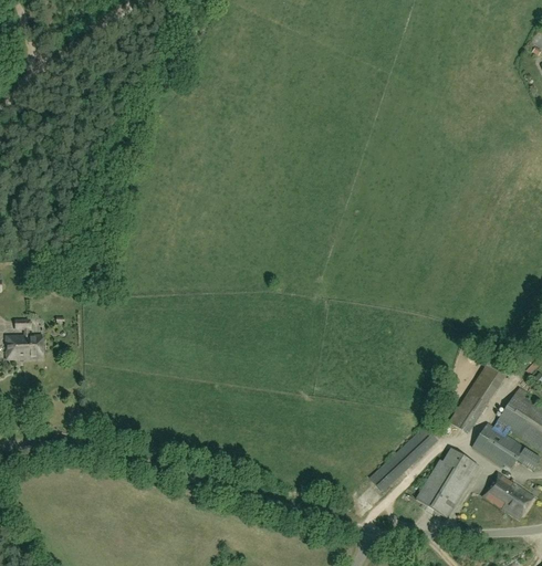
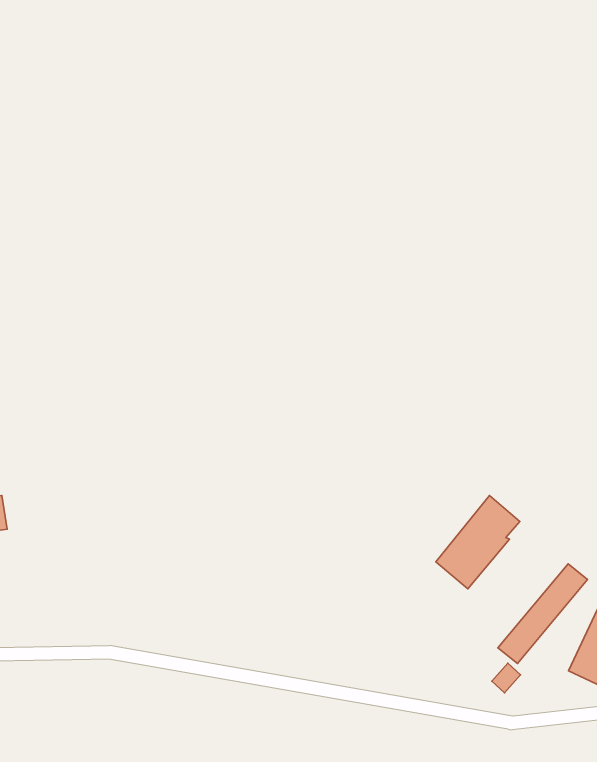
building: none -> [436,496,520,589]

